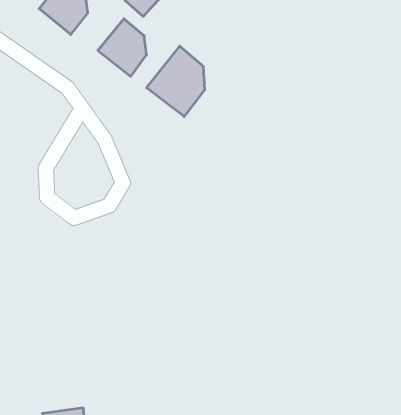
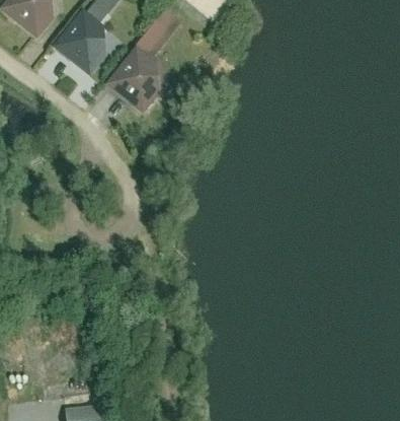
building: [147,46,205,117] -> none

